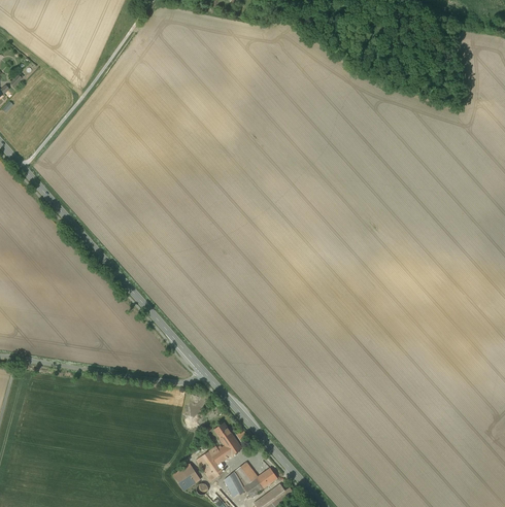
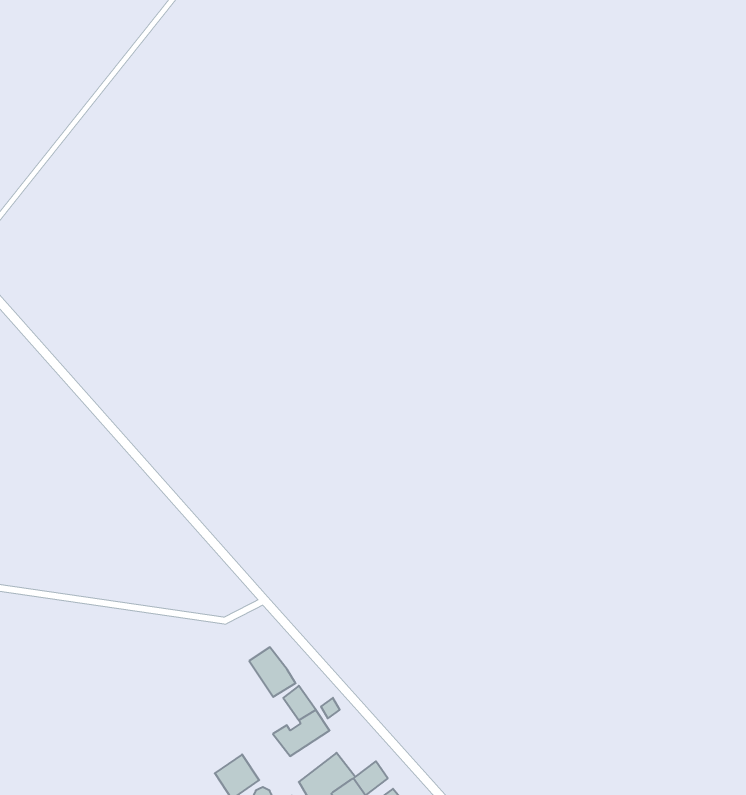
building: [195,450,223,480] -> [249,647,296,697]

